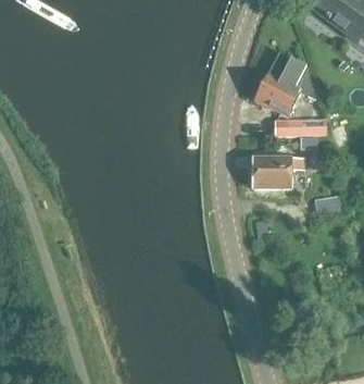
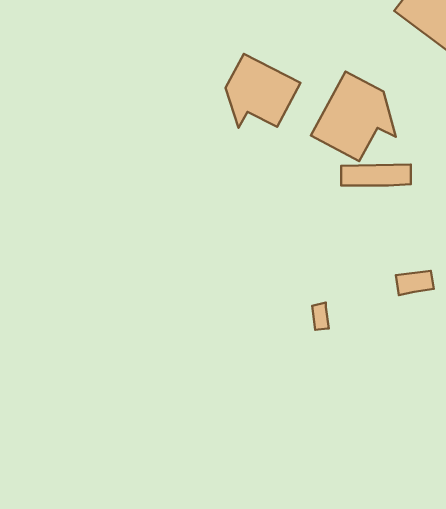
building: none -> [225,54,301,128]
building: [253,157,304,187] -> none

